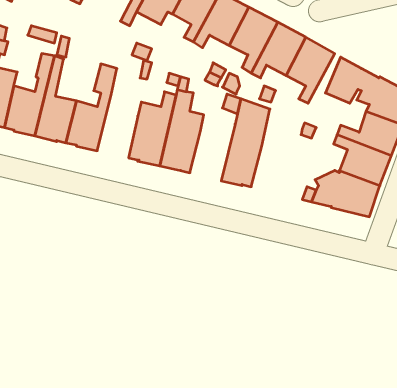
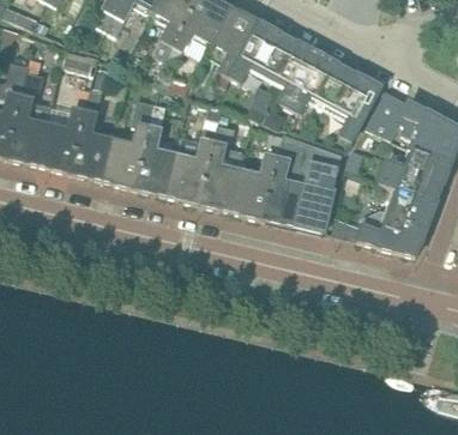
building: none -> [134,103,176,195]
building: none -> [294,145,342,232]
building: none -> [230,158,277,219]

